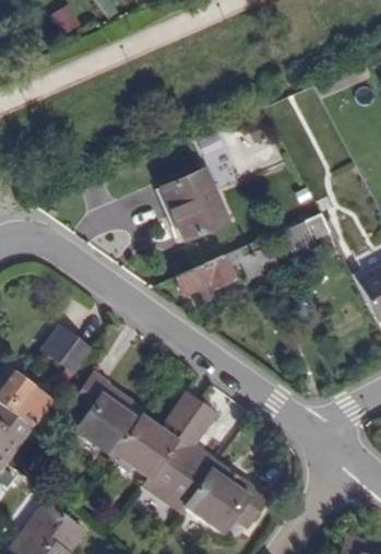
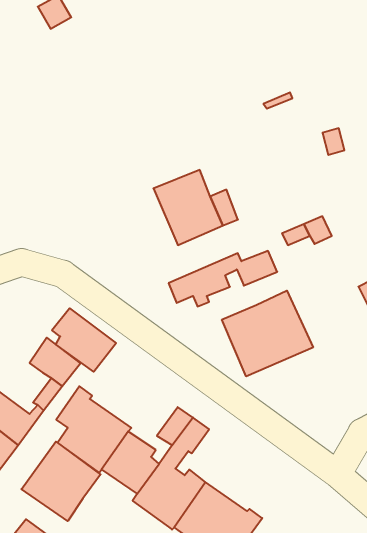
building: none -> [222,291,313,376]
building: none -> [52,308,116,372]
building: none -> [21,442,101,521]

